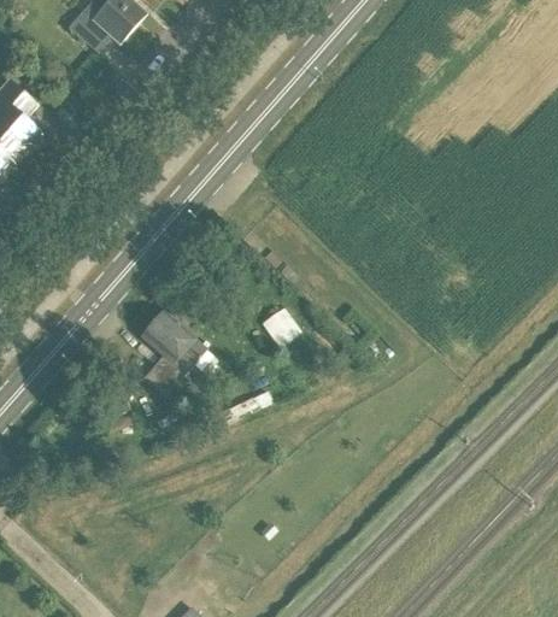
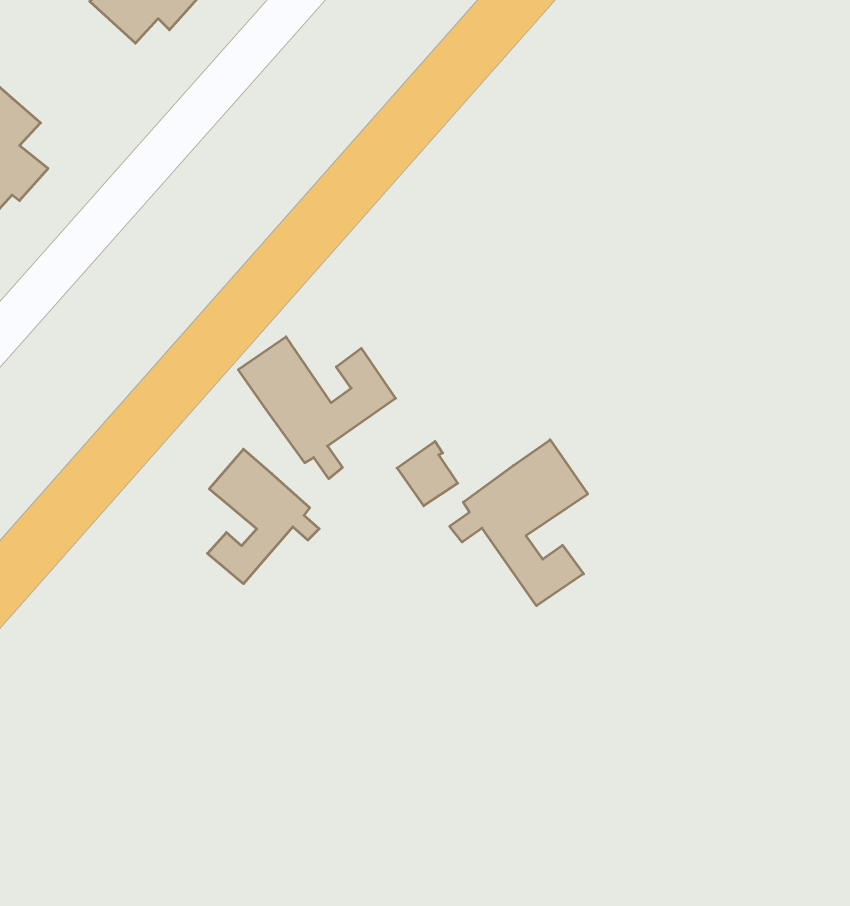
building: none -> [238,337,396,479]
building: none -> [450,440,588,606]

